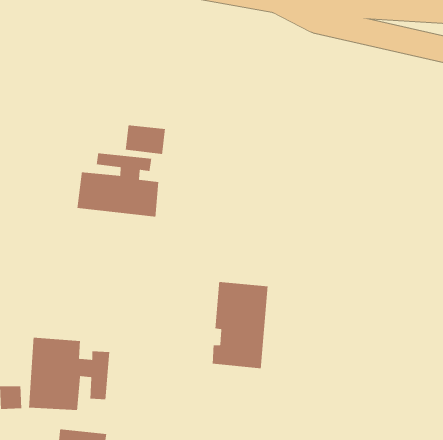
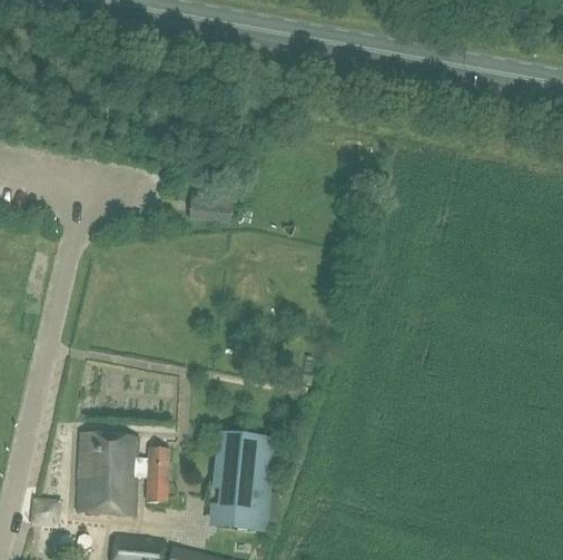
building: [76,152,159,217] -> none
building: [212,281,268,369] -> [208,431,273,531]

